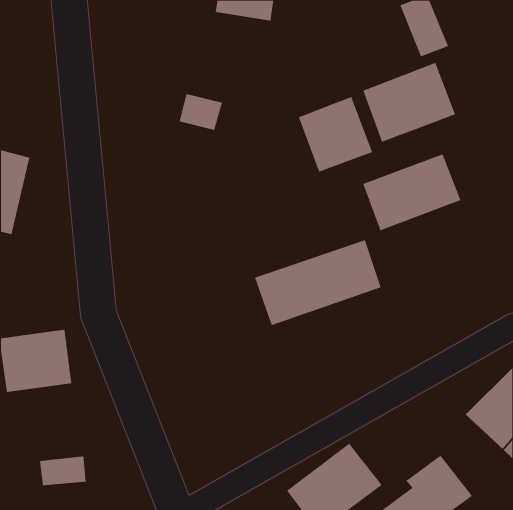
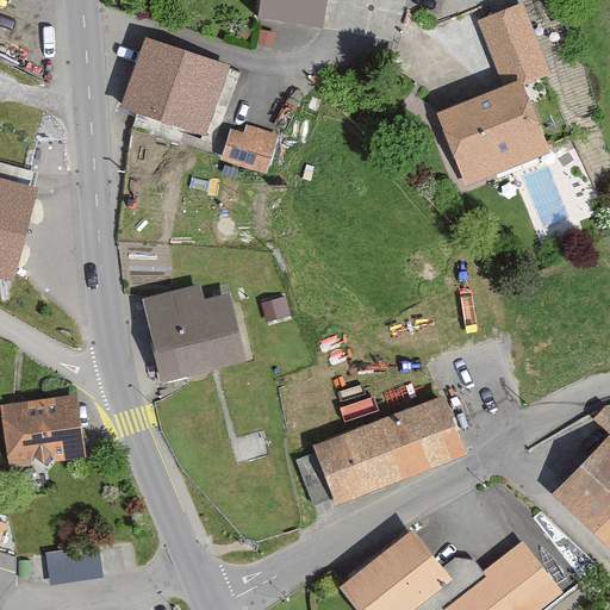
building: none -> [127,43,226,135]
building: [298,96,373,173] -> none
building: [363,154,461,231] -> none
building: none -> [144,286,247,381]
building: [254,239,382,326] -> [311,399,462,502]

